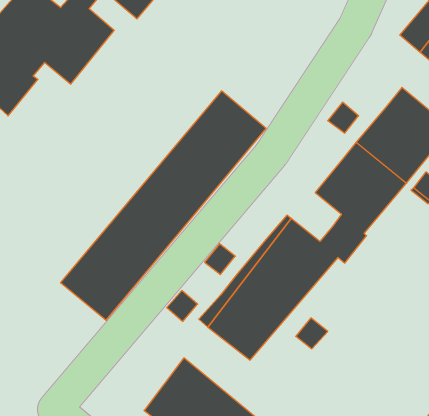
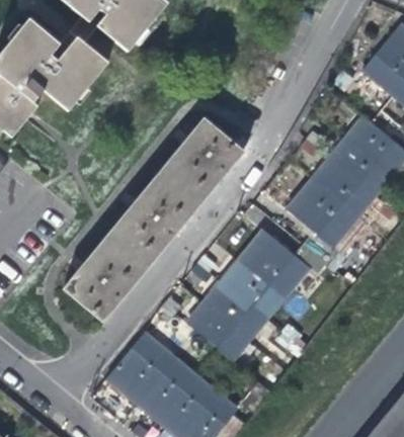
building: none -> [105,333,171,403]

